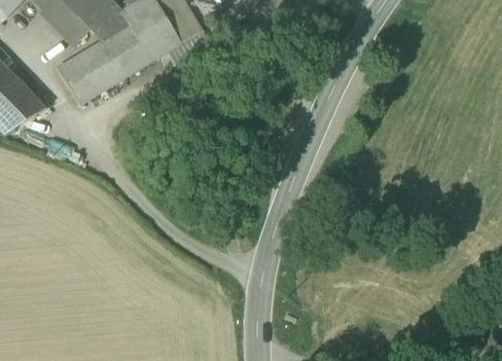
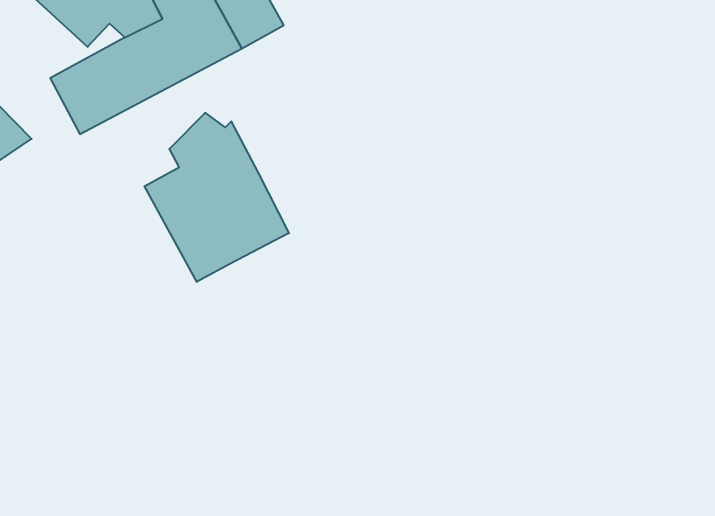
building: none -> [144,113,289,282]

